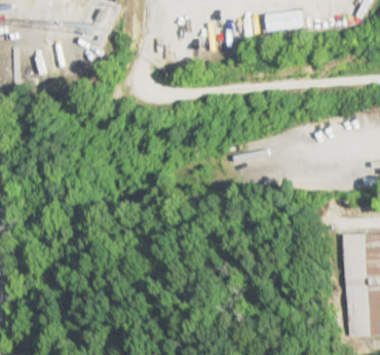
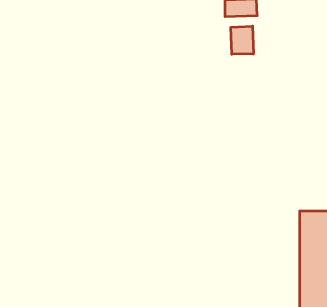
building: none -> [231,26,253,54]

